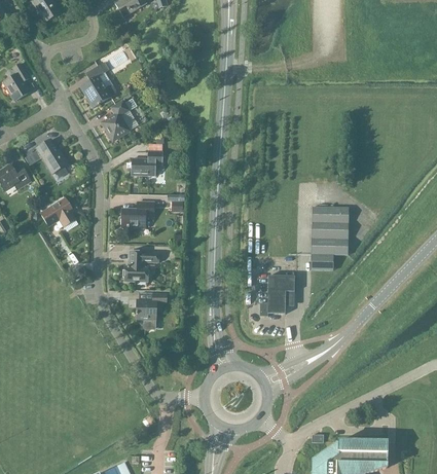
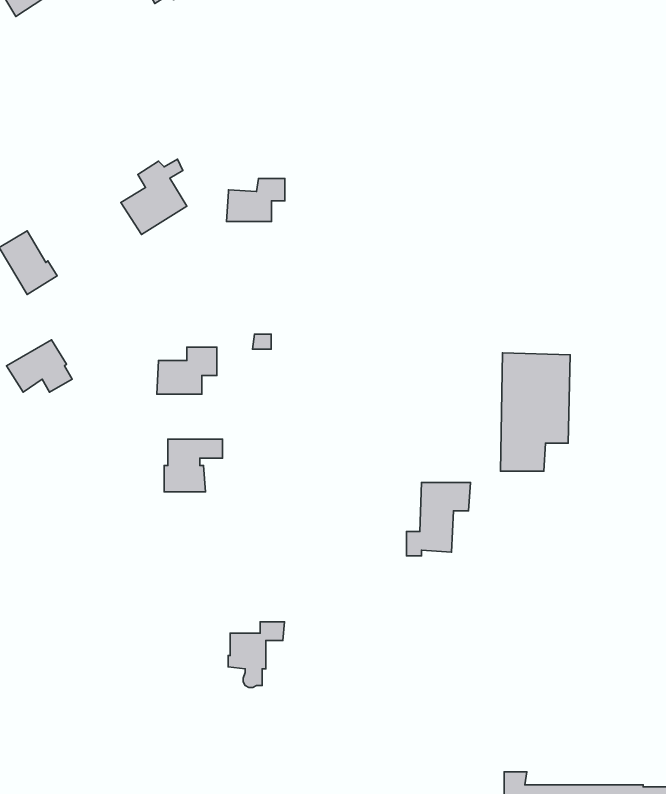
building: [80,63,116,107] -> none
building: [132,150,163,174] -> [226,178,285,222]
building: [137,292,168,328] -> [228,622,285,688]

